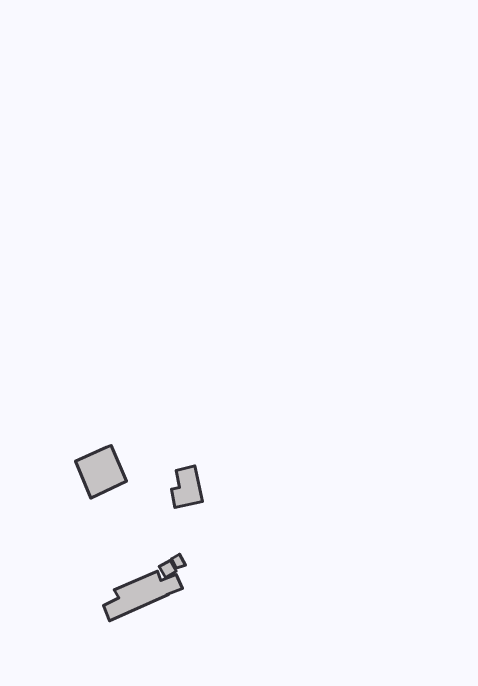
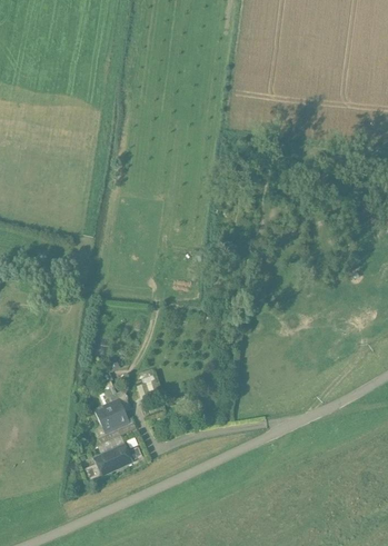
building: [75,446,127,498] -> [93,397,130,435]

